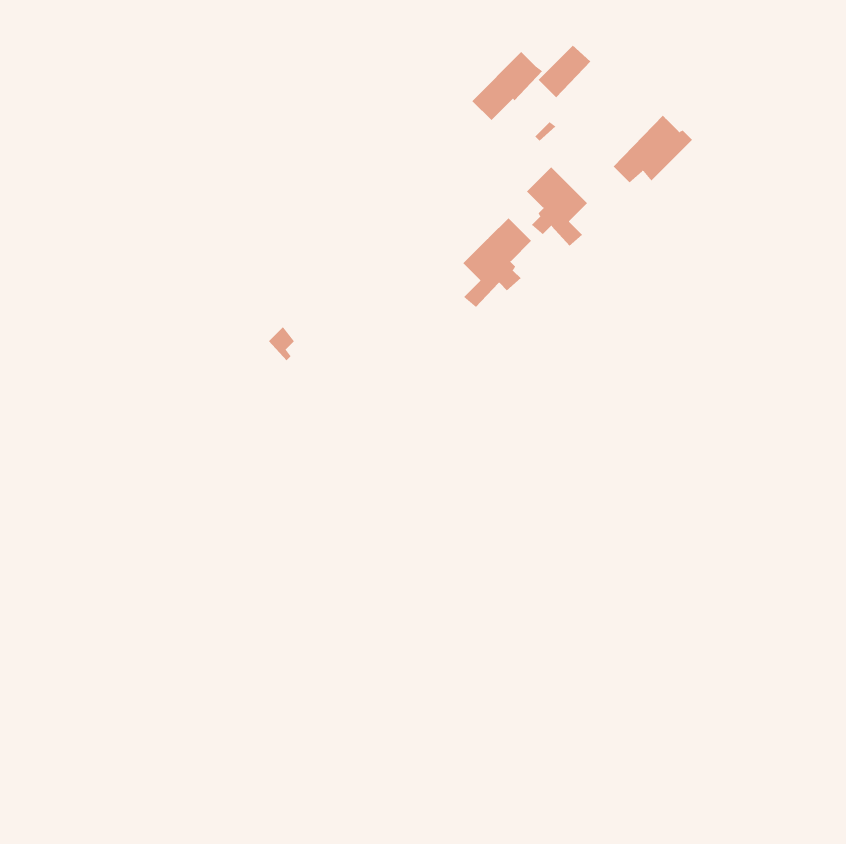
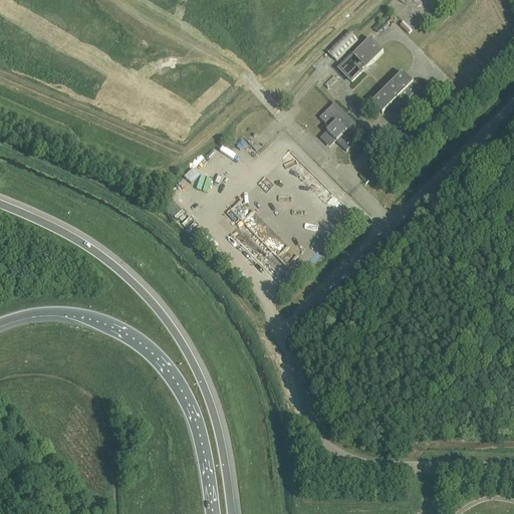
building: [471,51,543,121] -> [337,36,380,78]
building: [462,217,532,308] -> none

